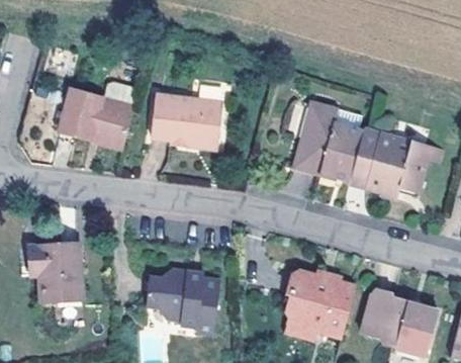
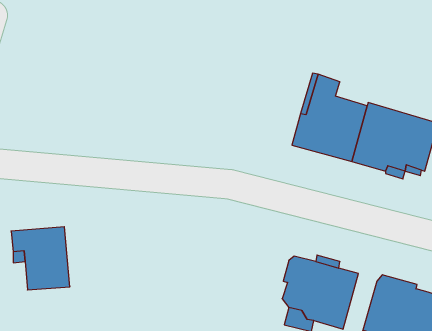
building: [64,86,139,143] -> none
building: [158,93,228,147] -> none
building: [143,270,218,333] -> none

